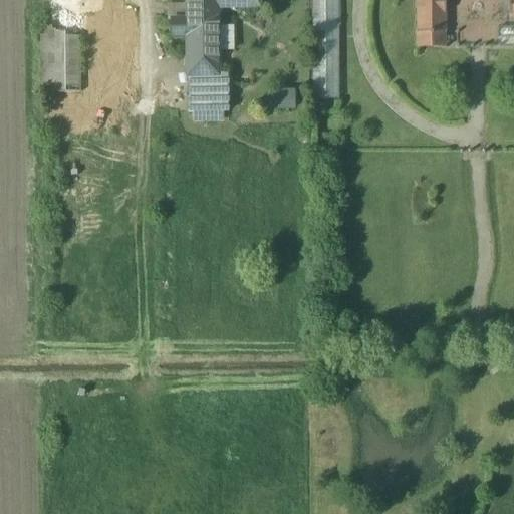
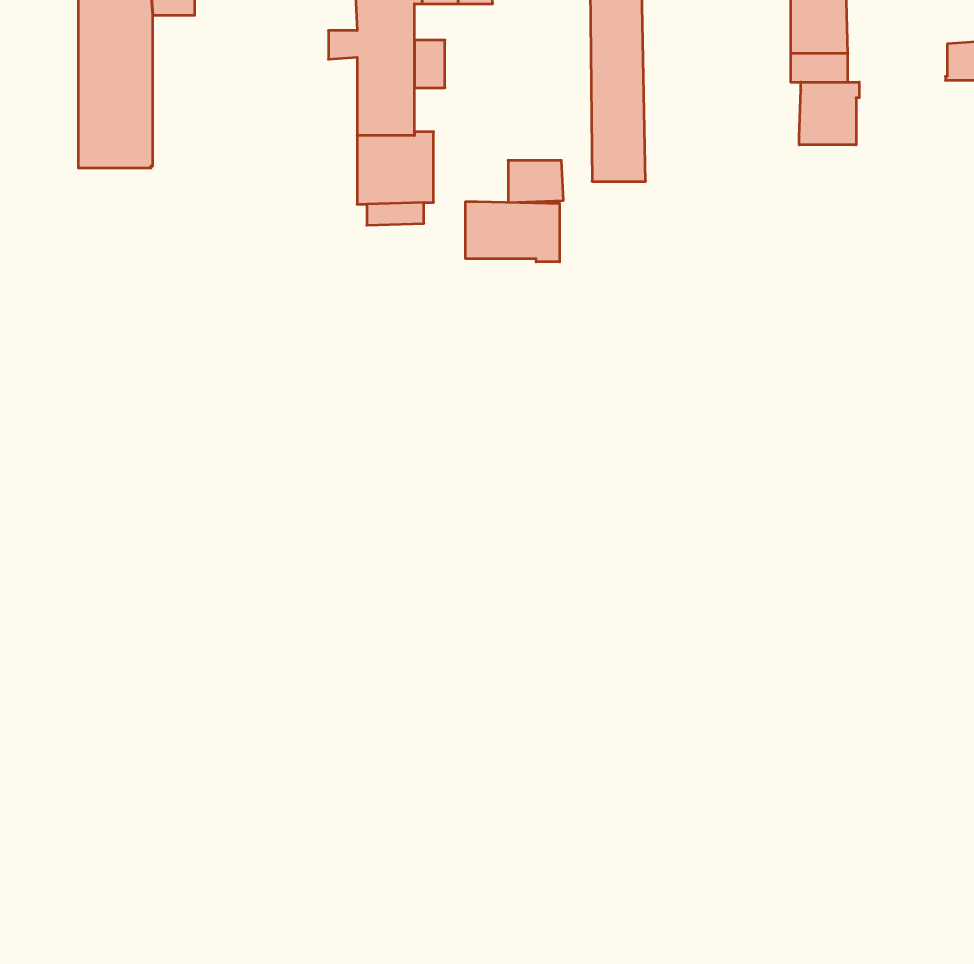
building: none -> [799,82,859,145]
building: none -> [466,202,560,262]

